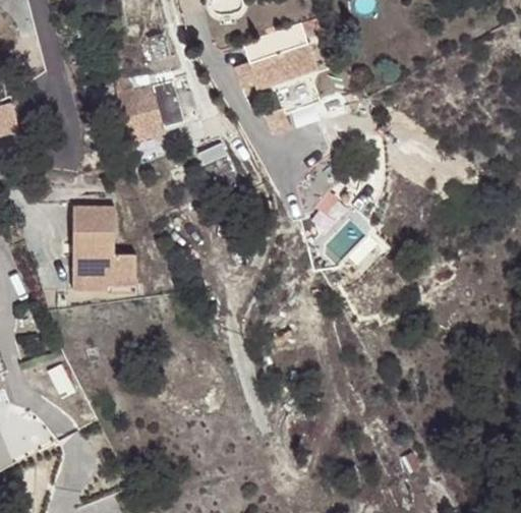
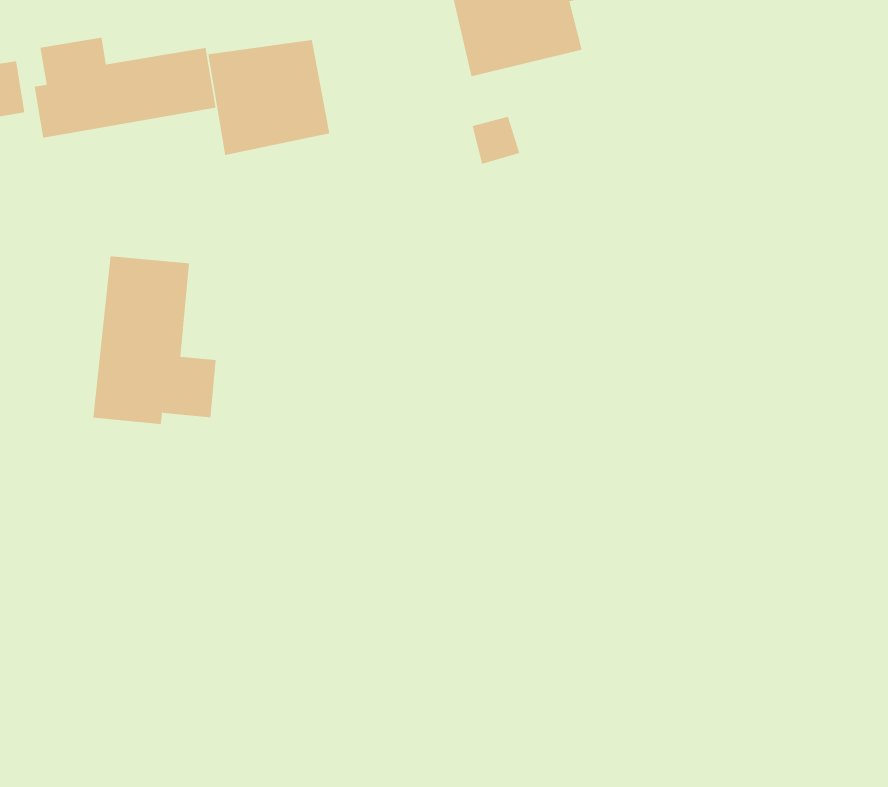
building: none -> [34,37,216,139]

